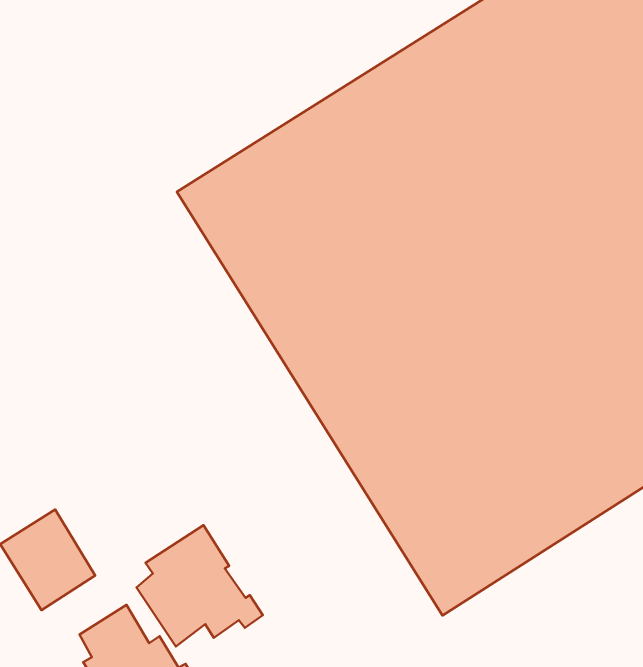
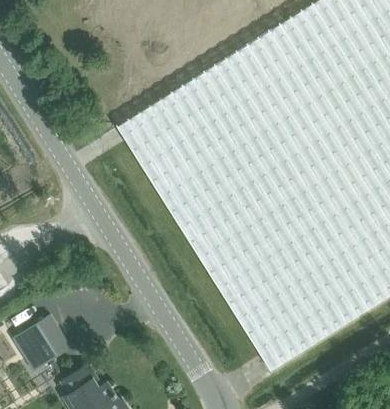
building: [136,525,263,646] -> none

